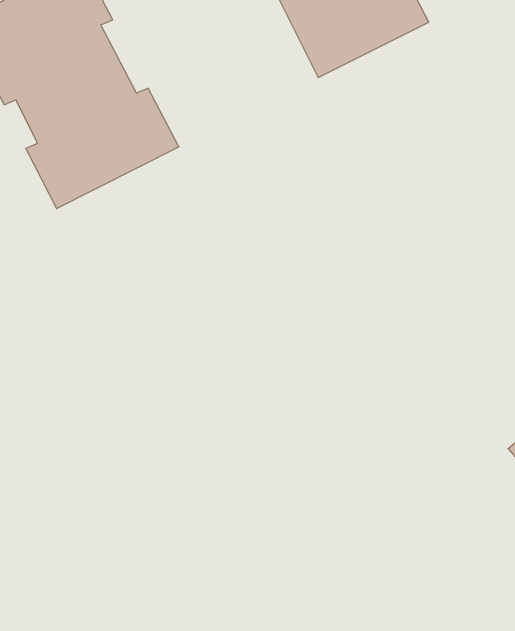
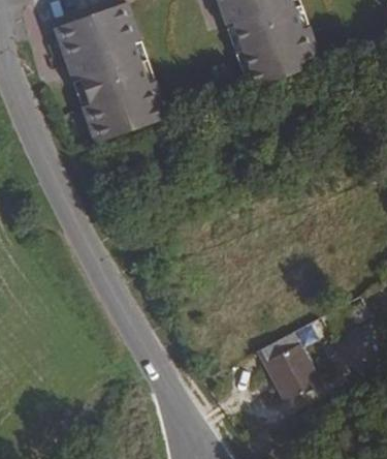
building: none -> [259,338,322,409]

